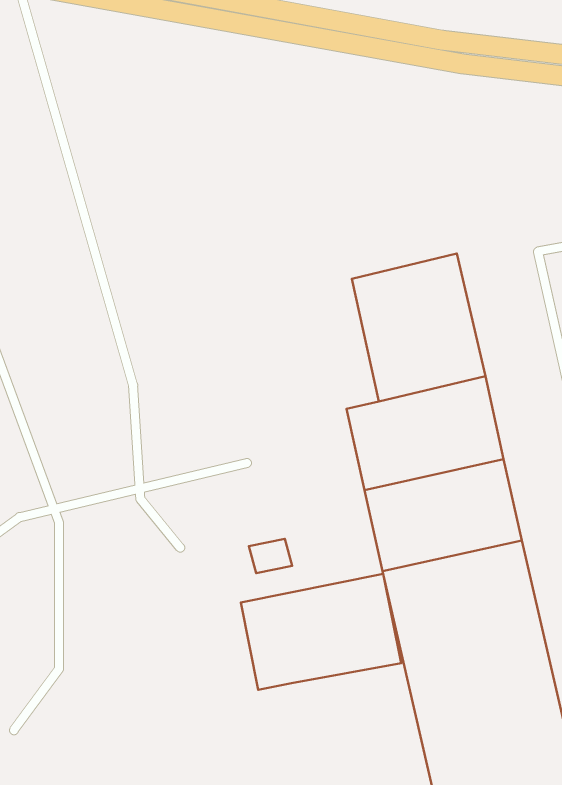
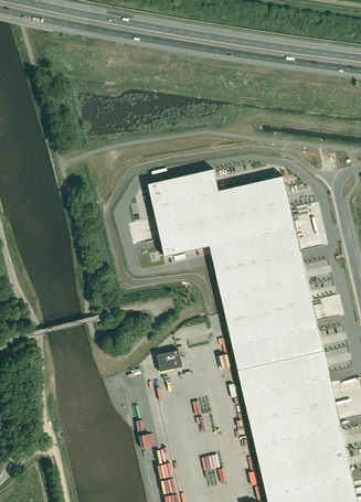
building: none -> [149,170,236,271]
building: [241,574,401,690] -> none

